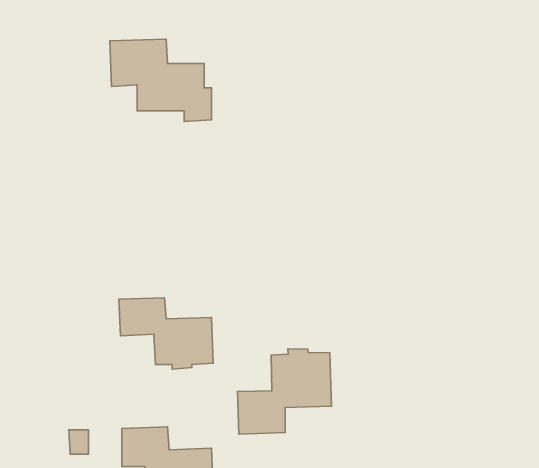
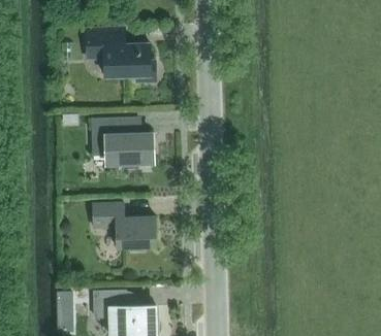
building: none -> [91,116,154,167]
building: [238,349,332,434] -> none

